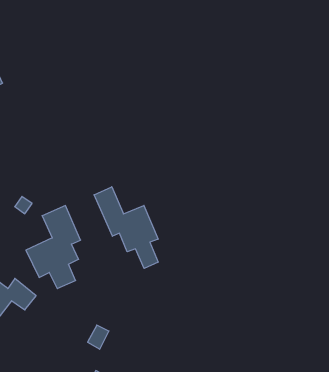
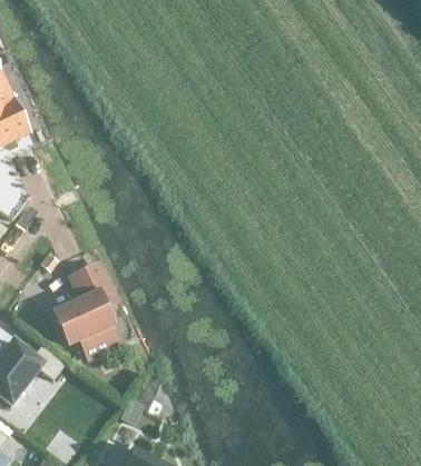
building: [94,187,158,268] -> none

